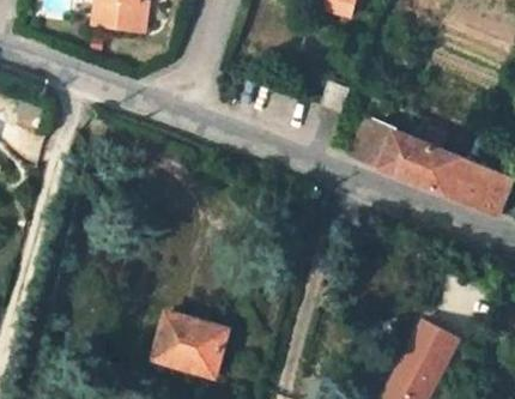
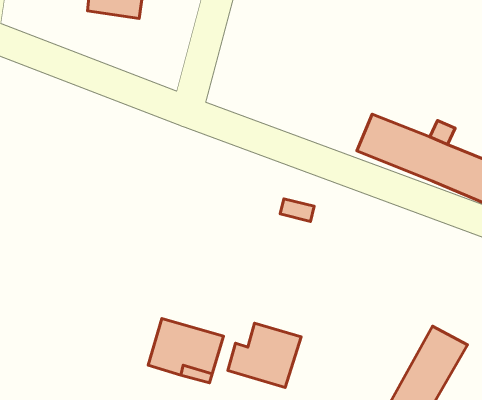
building: none -> [228,323,301,387]

